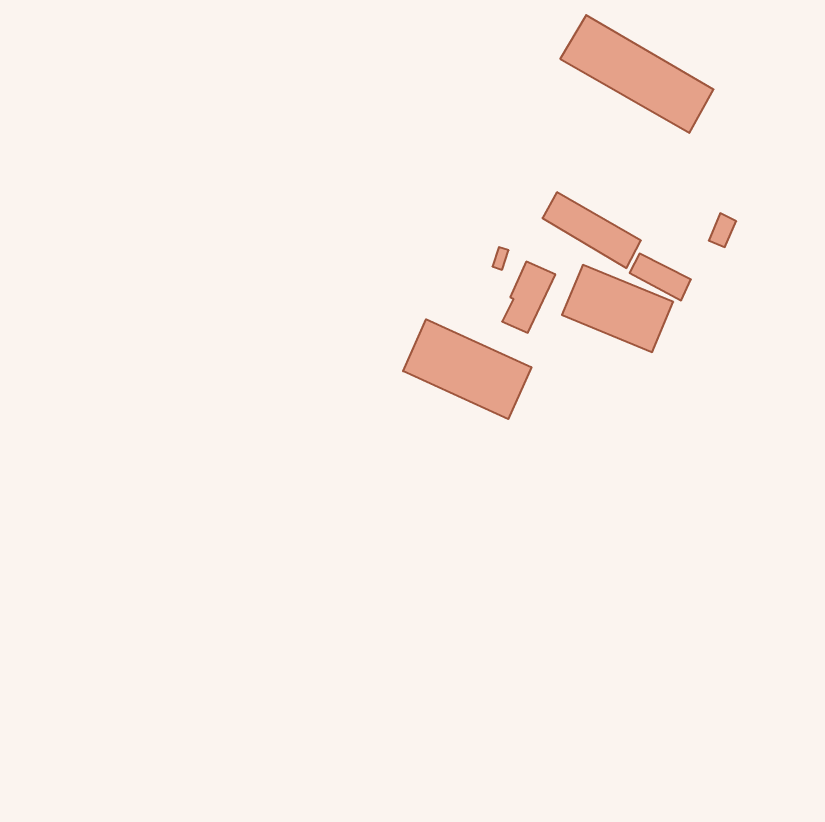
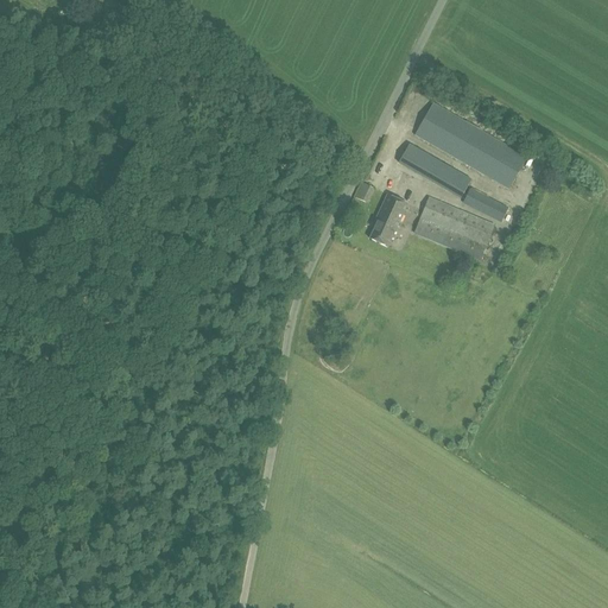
building: [560,15,714,133] -> [414,101,527,188]
building: [403,319,531,419] -> none

